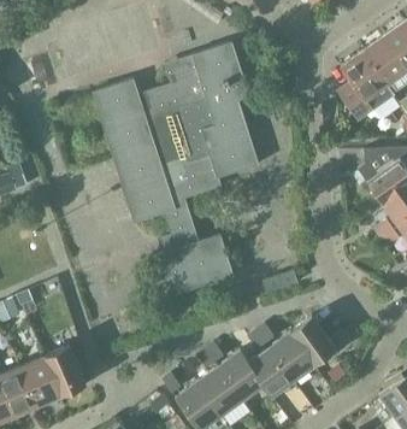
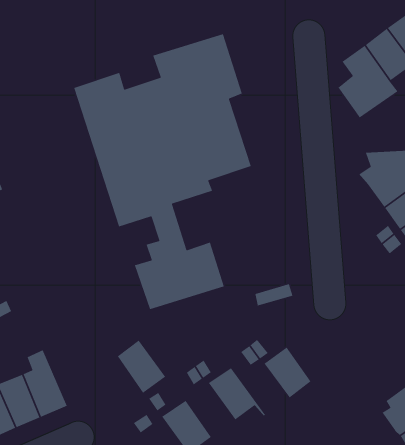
building: [291,316,349,364] -> none
building: [240,347,294,395] -> none
building: [197,365,243,416] -> [117,339,166,394]

